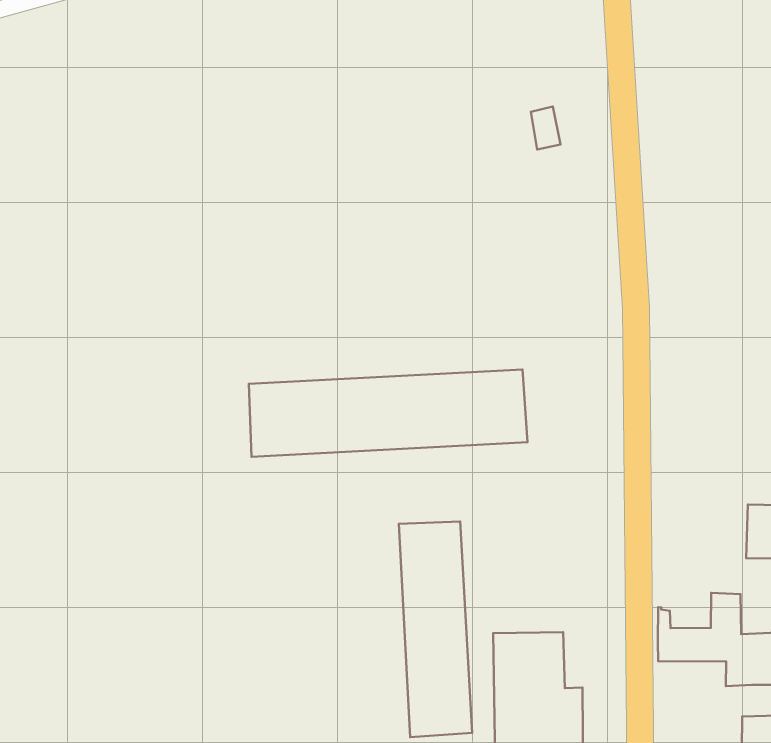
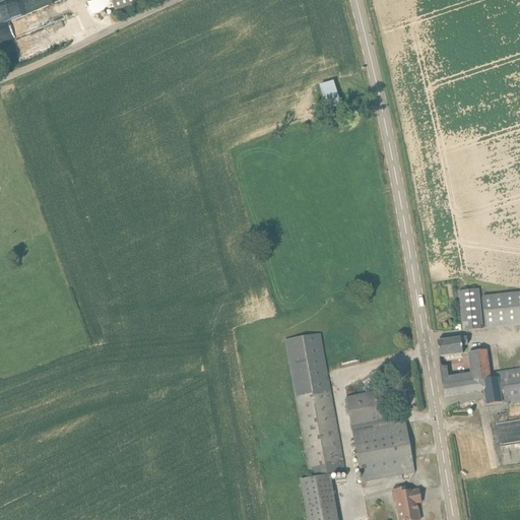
building: [249,370,527,457] -> none
building: none -> [461,287,484,330]
building: none -> [438,337,468,356]

